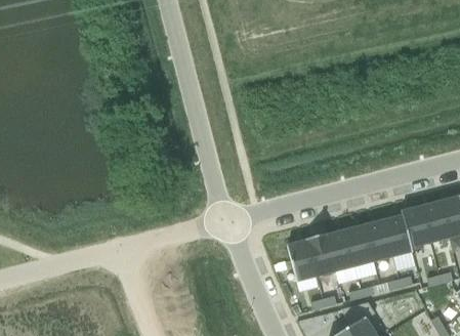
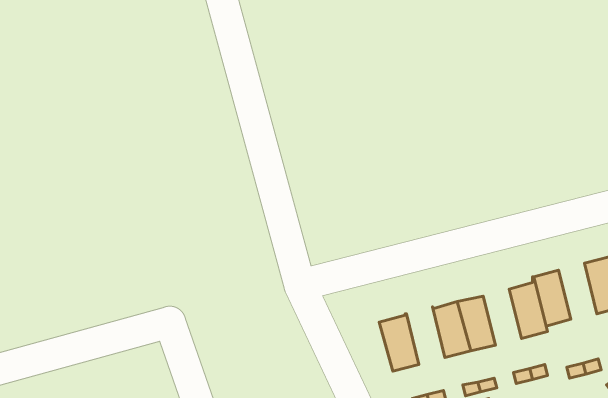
building: [421,200,450,242] -> none
building: [365,219,393,261] -> none
building: [307,233,336,276] -> none

